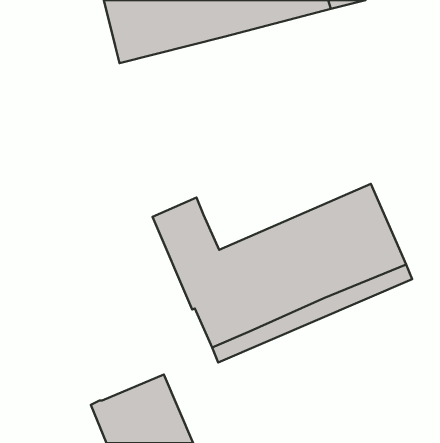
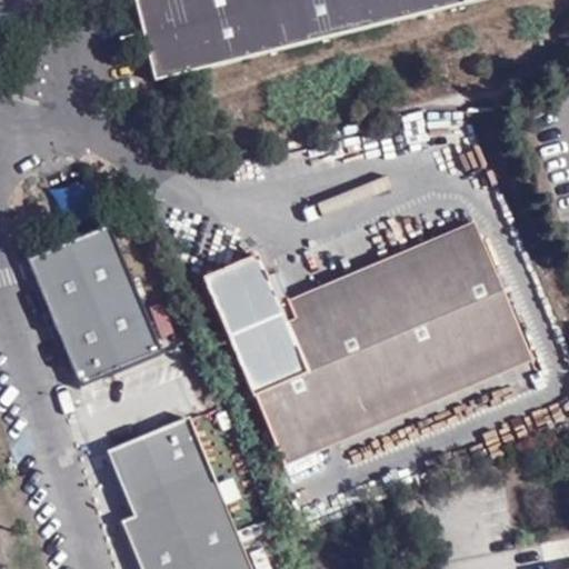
building: none -> [264,218,479,320]
building: none -> [29,222,162,385]
building: none -> [108,416,213,513]

